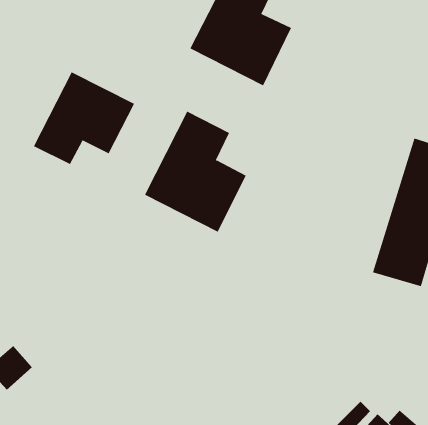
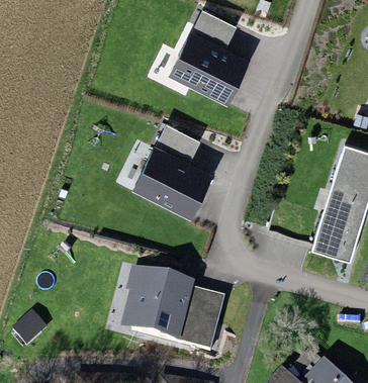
building: [33,71,135,165] -> none
building: none -> [121,262,223,347]

